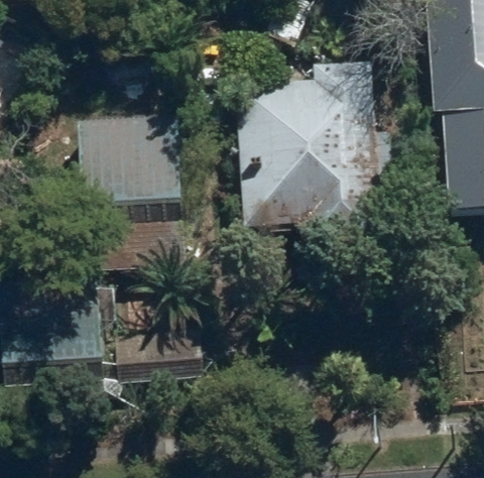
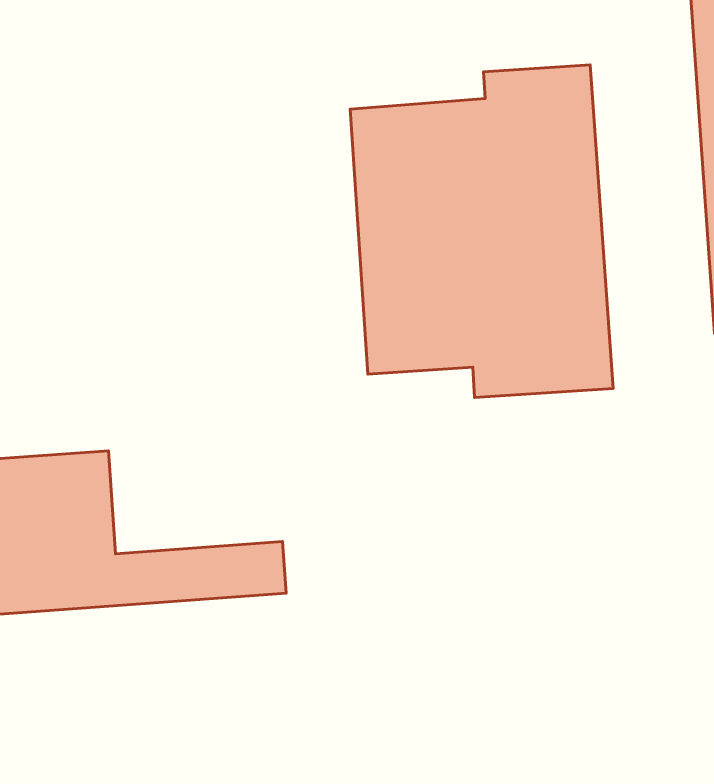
building: [84,118,187,205] -> none

